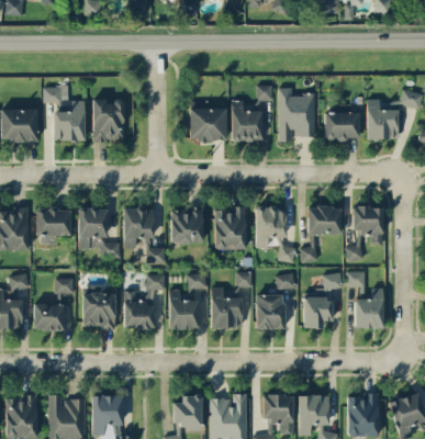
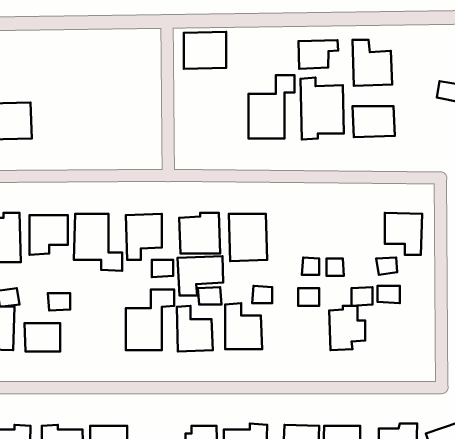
building: none -> [299,40,338,69]
building: [43,86,87,140] -> none
building: [92,99,125,140] -> none
building: [366,99,401,139] -> [353,40,392,86]
building: [190,108,227,140] -> [184,32,226,69]
building: [255,206,288,248] -> none
building: [307,206,344,234] -> none
building: none -> [178,256,223,296]
building: [353,288,385,328] -> none
building: [82,292,116,328] -> none
building: [256,294,284,329] -> none

